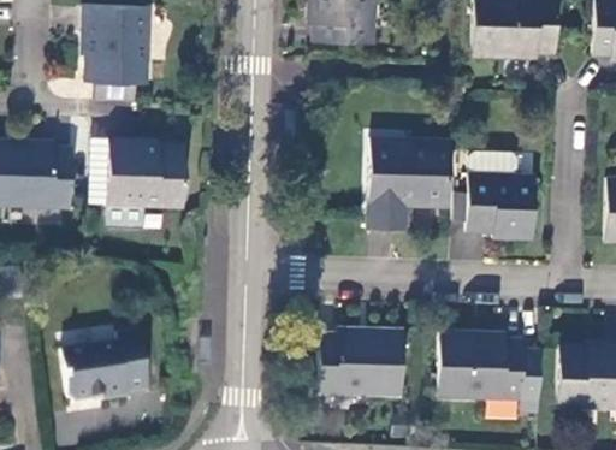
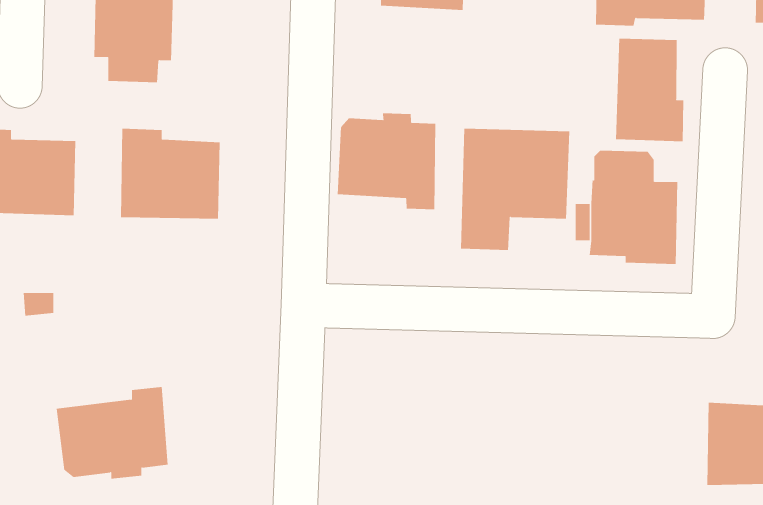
building: none -> [616,38,684,142]
building: none -> [337,113,436,210]
building: [318,331,402,397] -> none
building: [438,334,523,401] -> none

